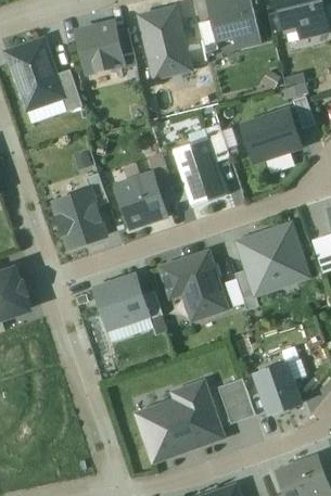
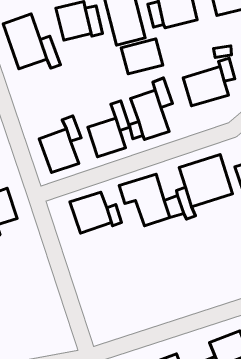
building: none -> [121,39,163,74]
building: [256,364,301,414] -> none
building: [138,379,226,459] -> none
building: [217,379,254,423] -> none

